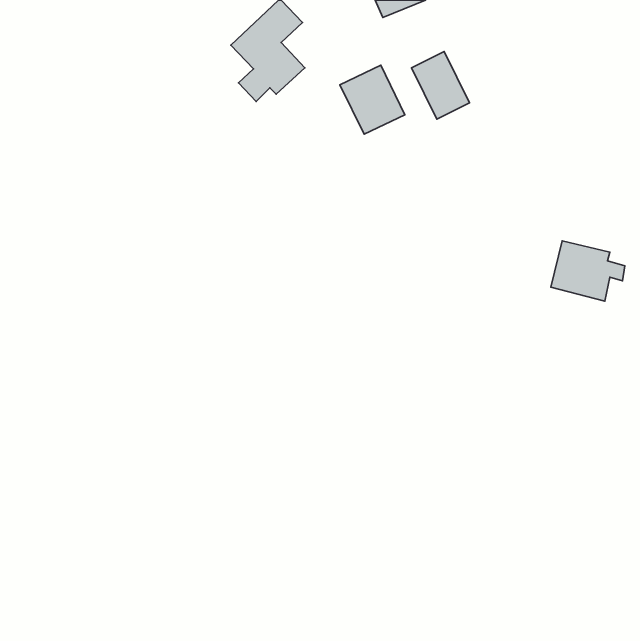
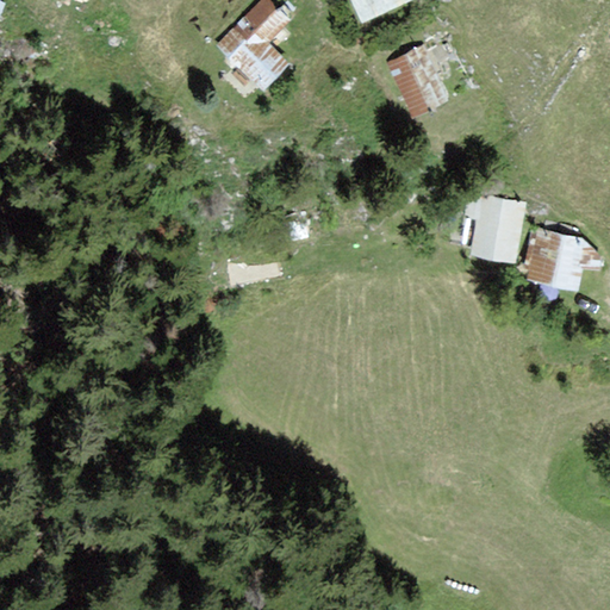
building: [340,65,405,134] -> none
building: none -> [466,195,522,259]

